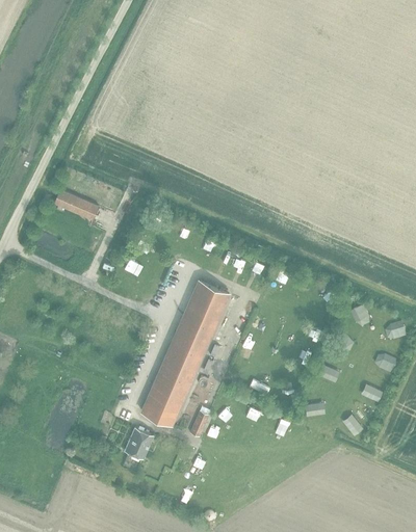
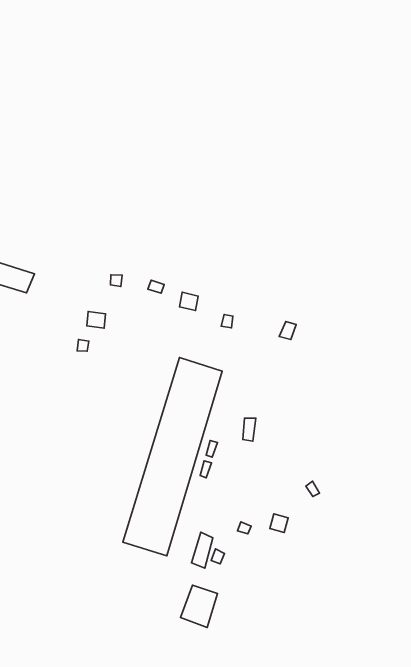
building: [124,428,153,460] -> [181,585,217,627]

